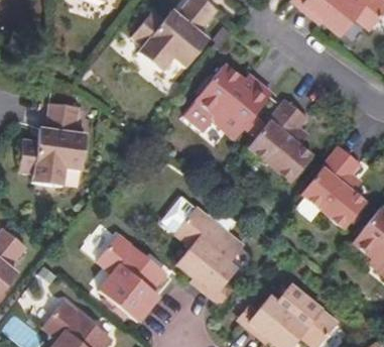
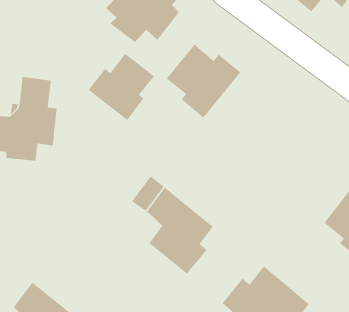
building: none -> [88,53,155,121]
building: [247,102,310,185] -> none
building: [300,148,363,231] -> none
building: [98,234,164,323] -> none

